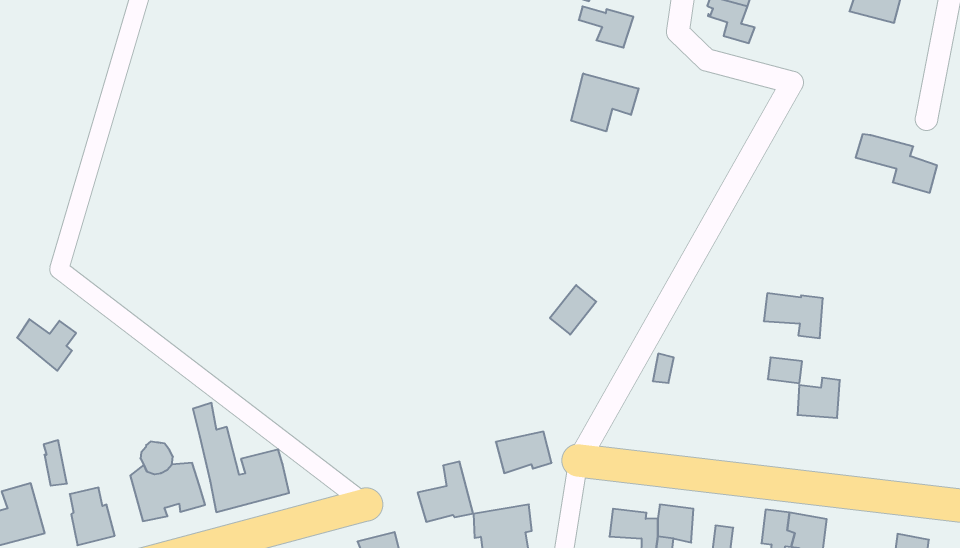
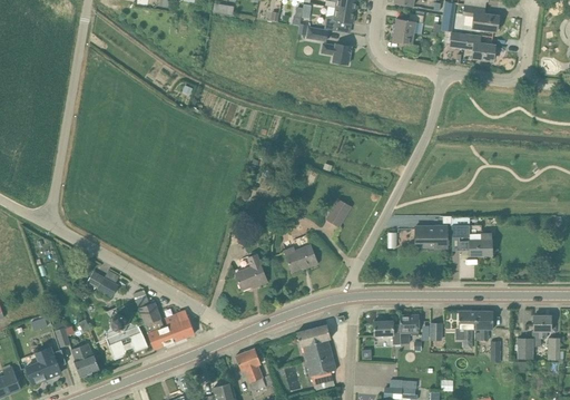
building: [571,73,639,131] -> none
building: [856,134,937,193] -> [450,32,495,60]
building: [764,293,823,338] -> [415,225,448,247]
building: [17,319,76,371] -> [87,270,119,297]
building: [496,432,552,473] -> [285,245,317,271]
building: [418,462,473,522] -> [235,253,267,289]

